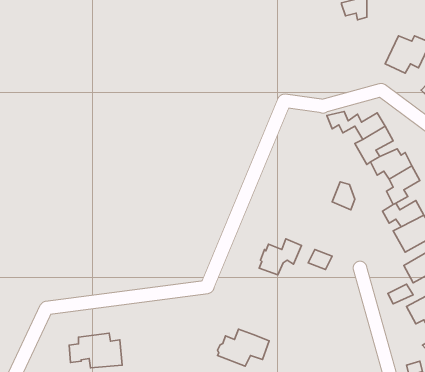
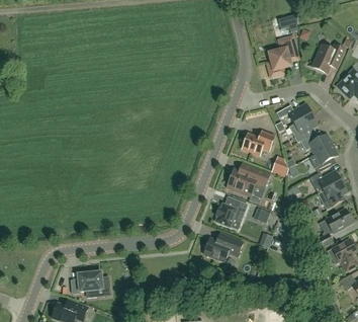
building: none -> [268,36,296,77]
building: none -> [243,131,274,155]
building: none -> [229,163,270,193]
building: [217,329,269,366] -> [203,233,243,261]

